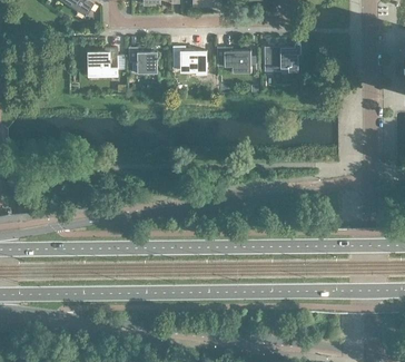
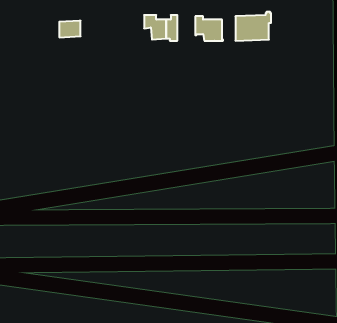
building: [128,50,157,75] -> none

